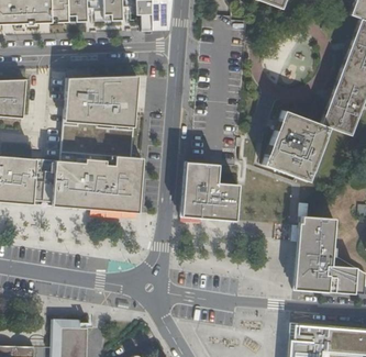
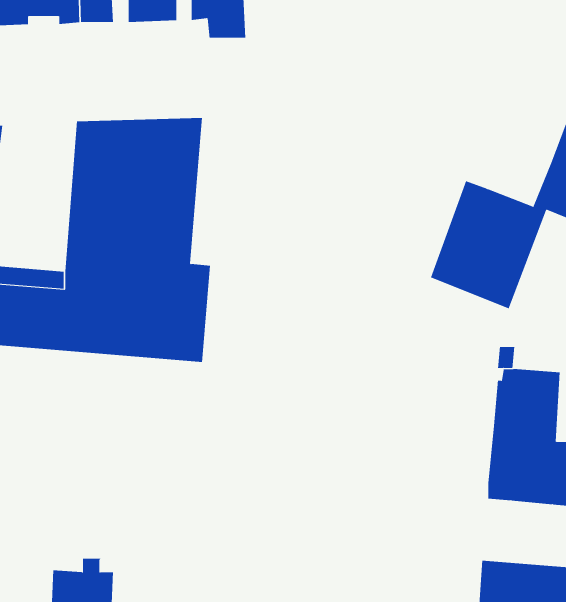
building: [181,164,240,223] -> none

